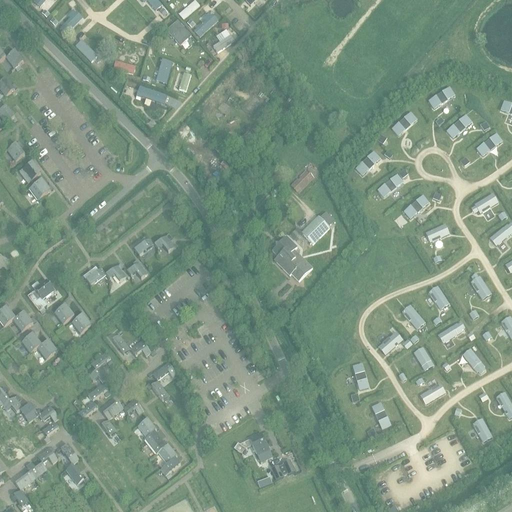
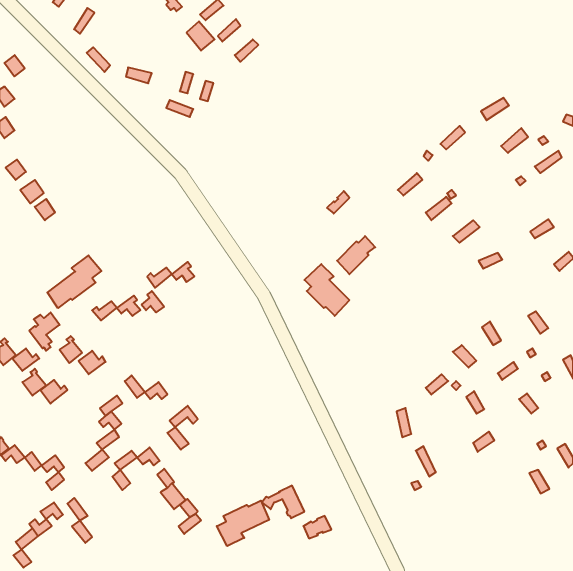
building: none -> [47,255,101,308]
building: none -> [217,501,269,546]

